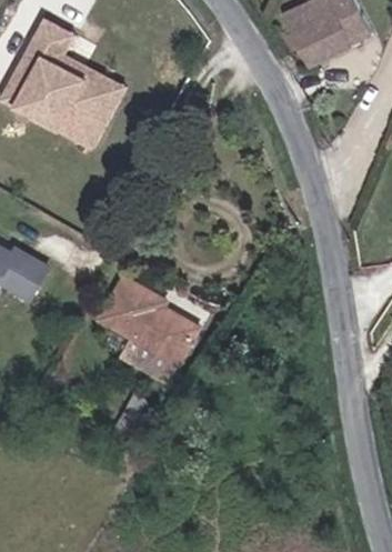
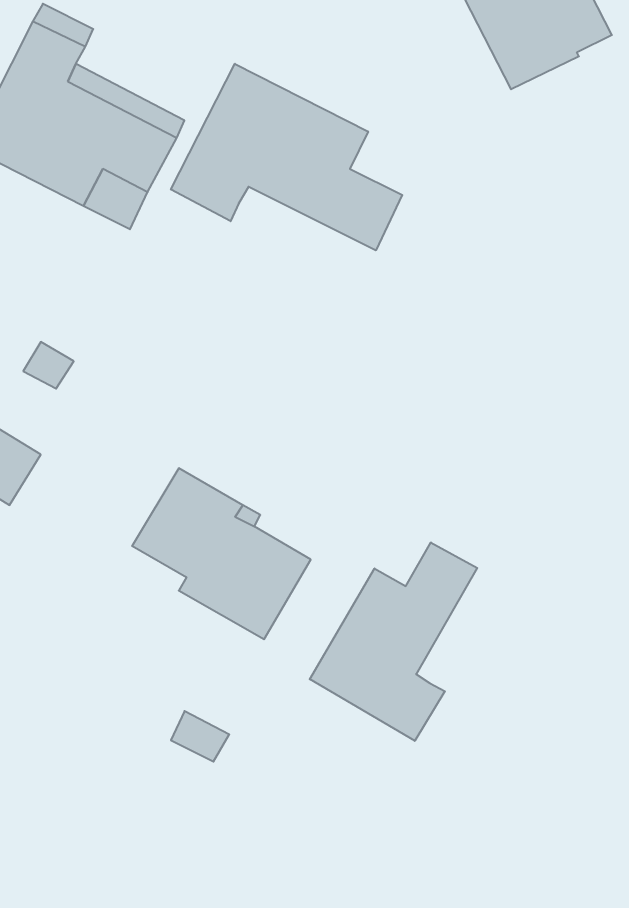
building: none -> [171,64,402,250]
building: none -> [310,542,477,741]

